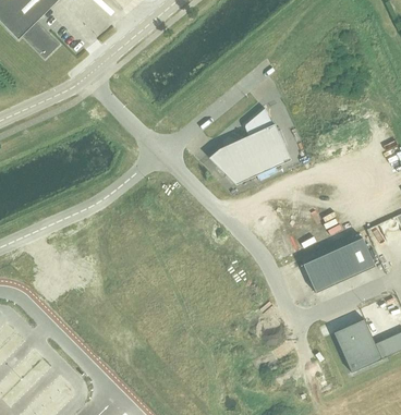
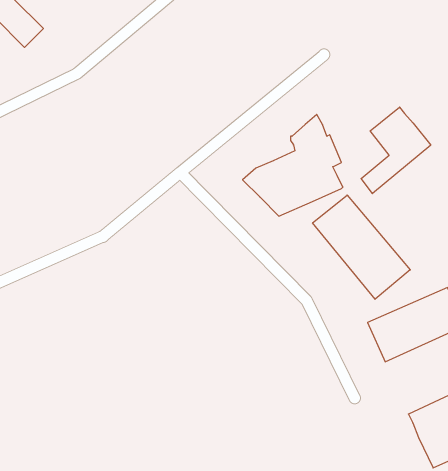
building: none -> [361,107,431,194]
building: none -> [313,195,410,299]

